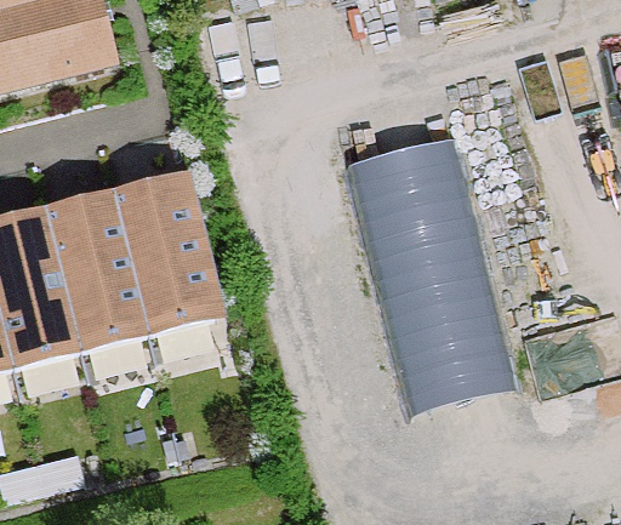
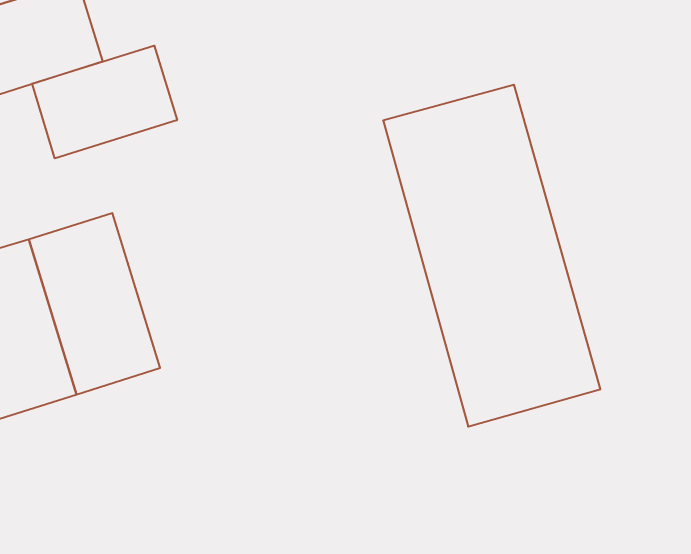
building: none -> [32,46,177,158]
building: [118,184,221,332] -> none

